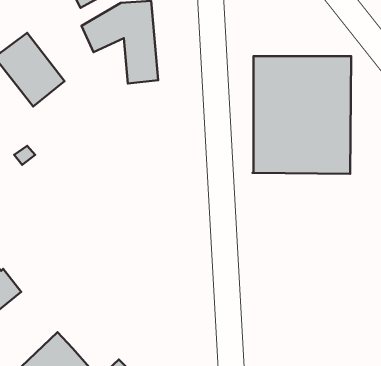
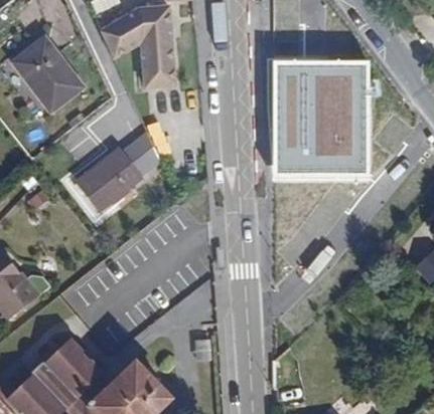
building: none -> [75,132,157,209]

